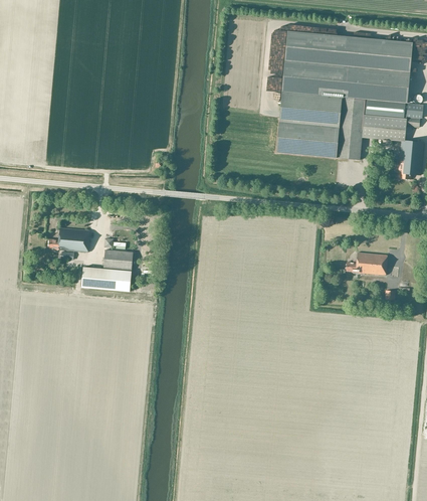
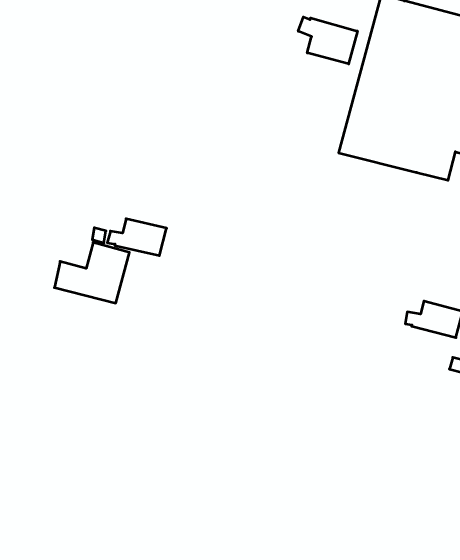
building: none -> [298,17,357,64]
building: [47,227,89,251] -> [107,219,167,256]

